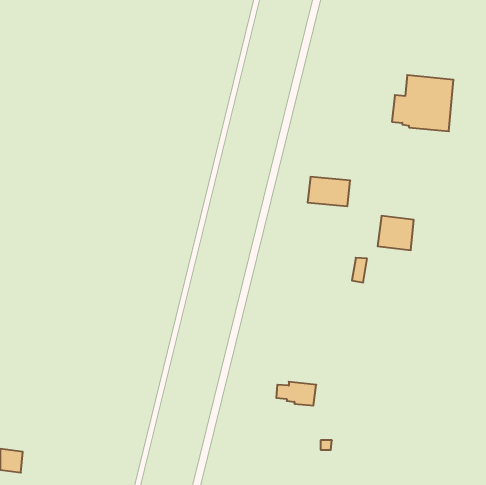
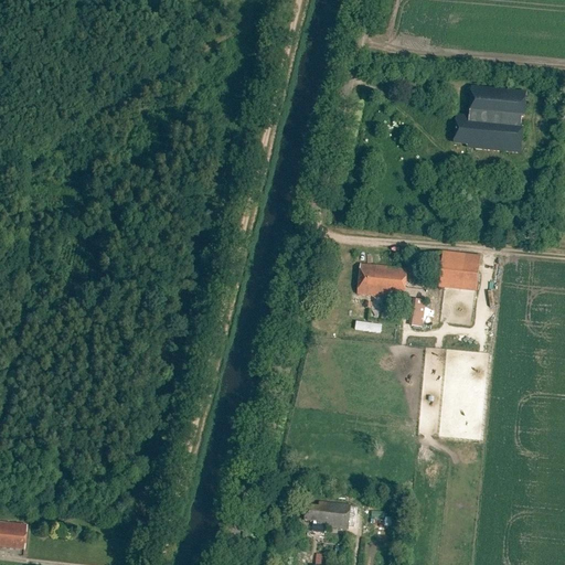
building: [308,177,350,206] -> [358,264,407,298]
building: [276,382,316,406] -> [305,501,351,529]

